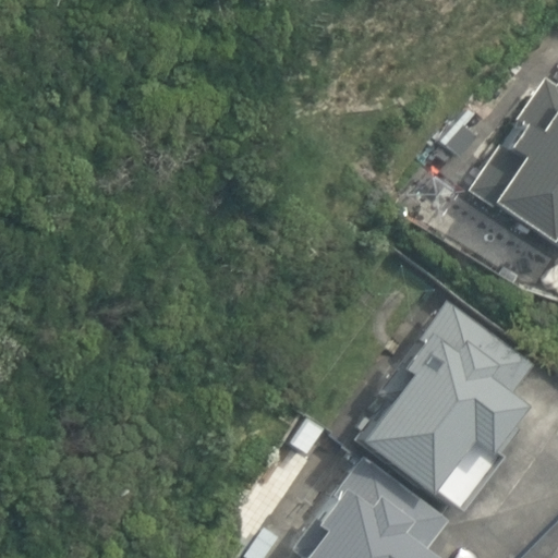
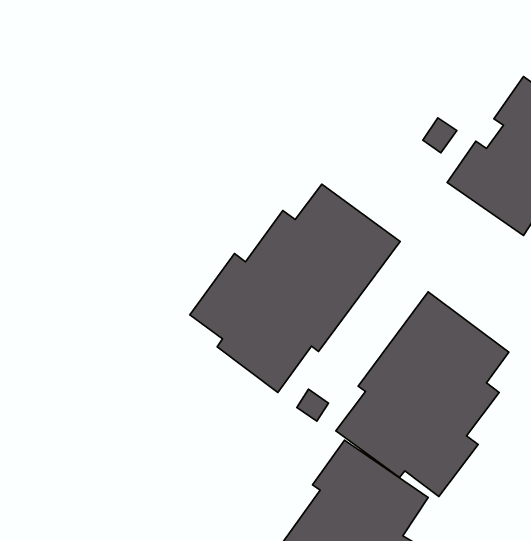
building: none -> [190,184,400,392]

